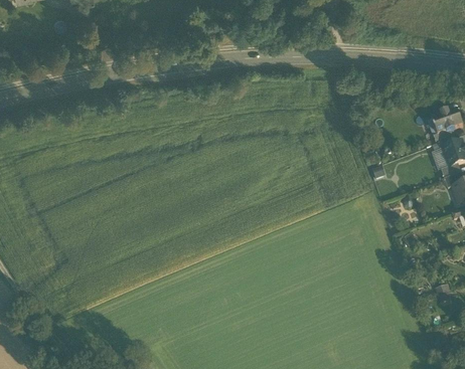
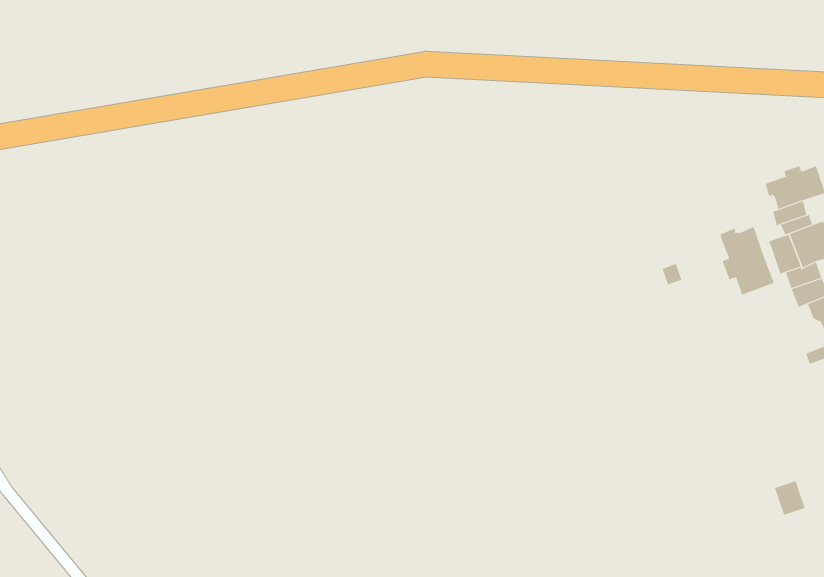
building: none -> [720,226,775,295]

